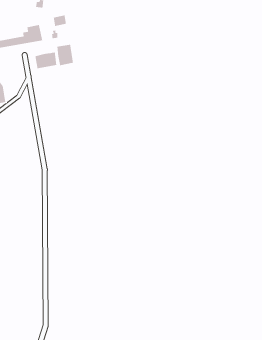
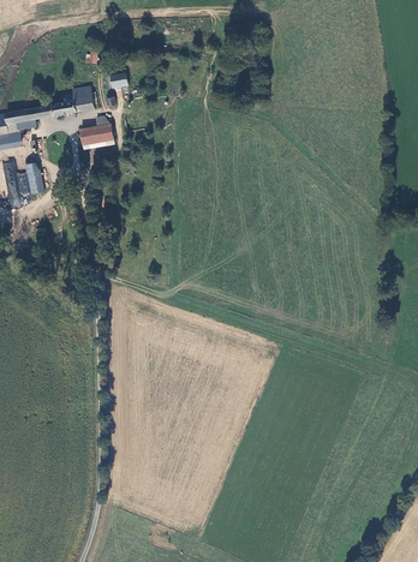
building: [57,44,74,66] -> none

